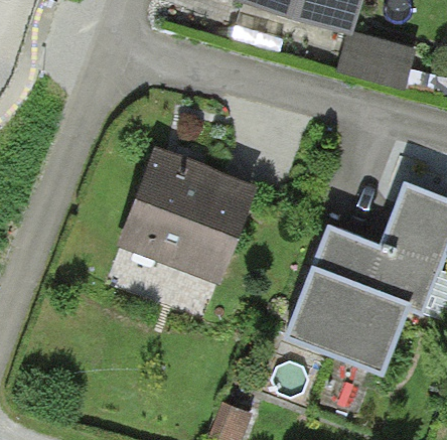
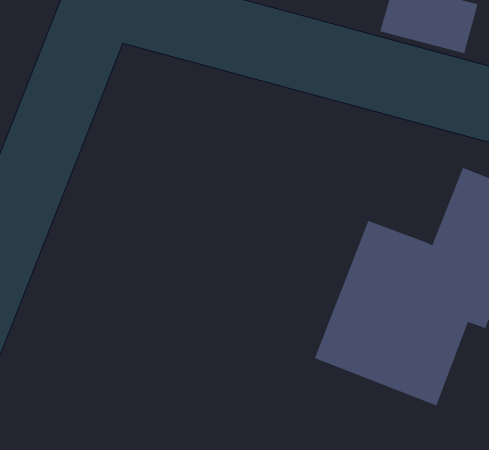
building: [117,147,259,283] -> none

